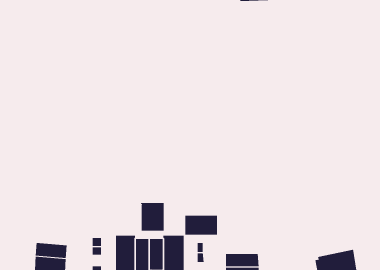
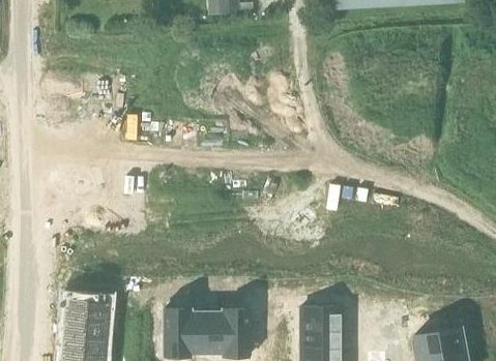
building: [140,202,164,232] -> none
building: [184,215,218,235] -> [301,305,343,330]
building: none -> [66,298,108,320]

